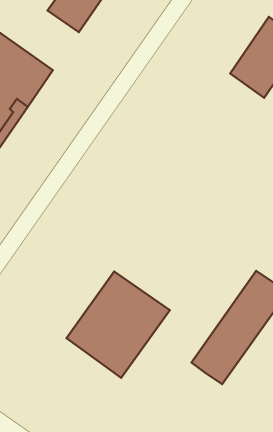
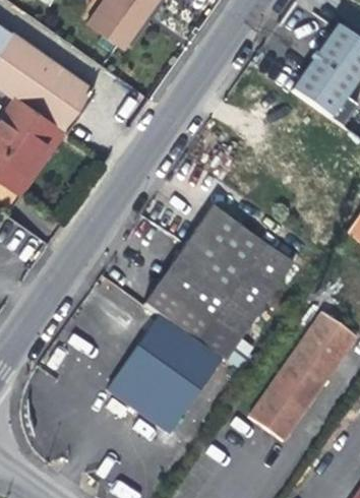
building: none -> [145,206,295,360]

